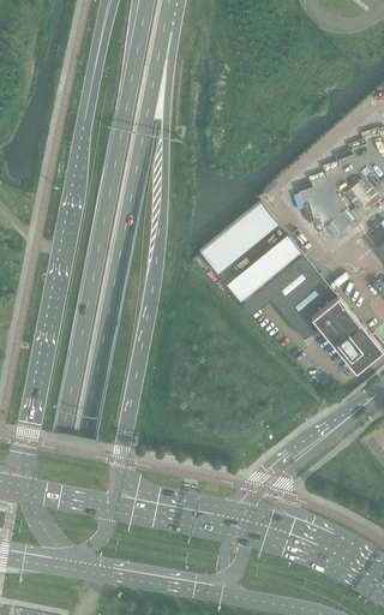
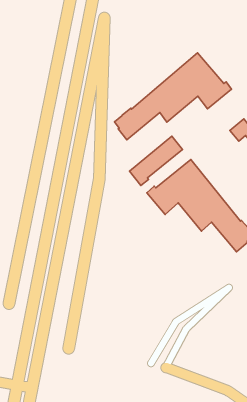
building: none -> [114,53,232,140]

